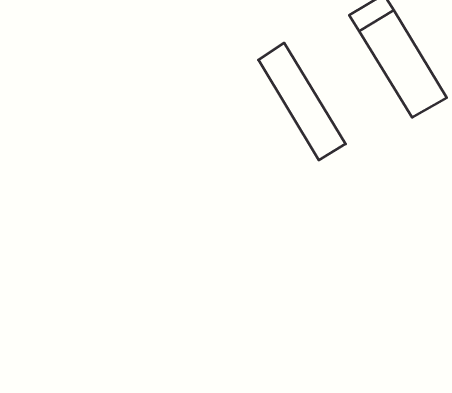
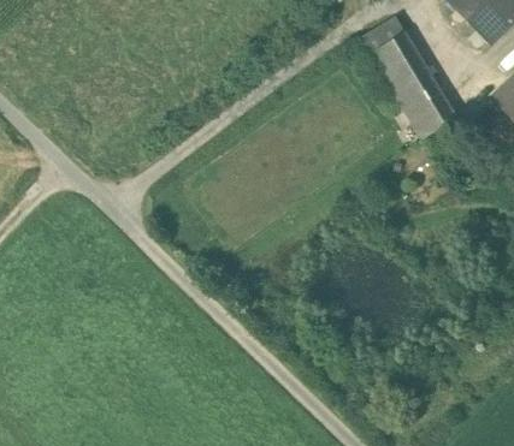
building: [258,43,346,160] -> none

